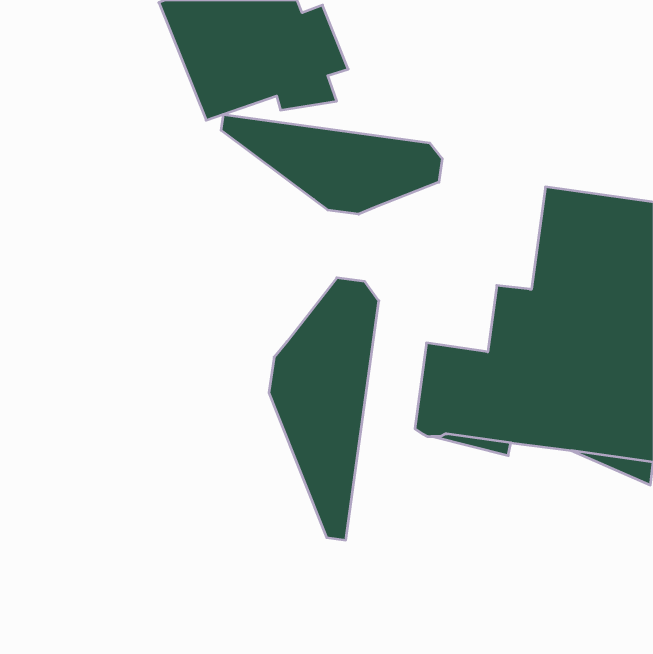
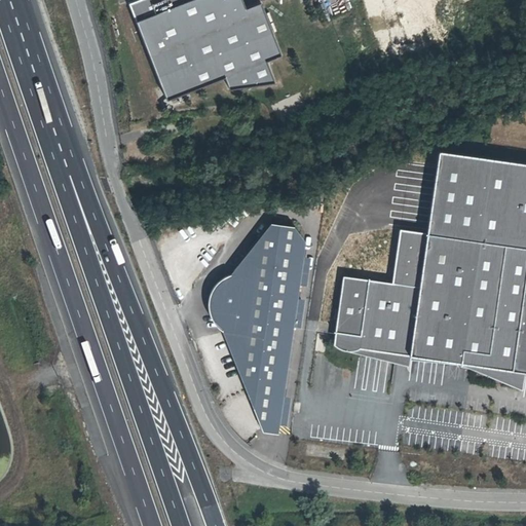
building: [221,114,442,214] -> none
building: none -> [209,274,231,331]

